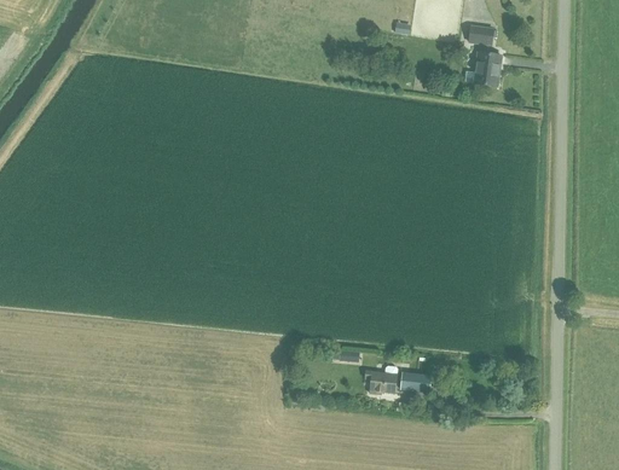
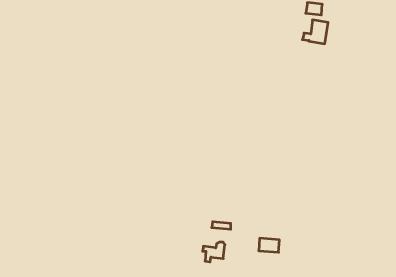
building: [363,366,395,395] -> [203,242,225,262]

